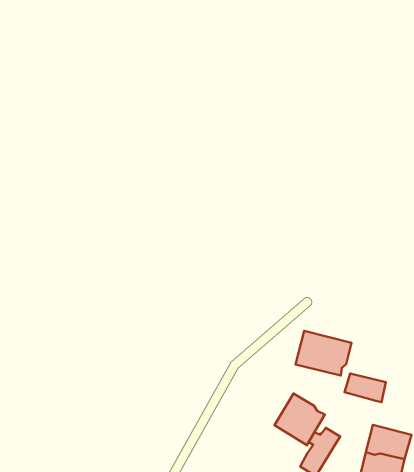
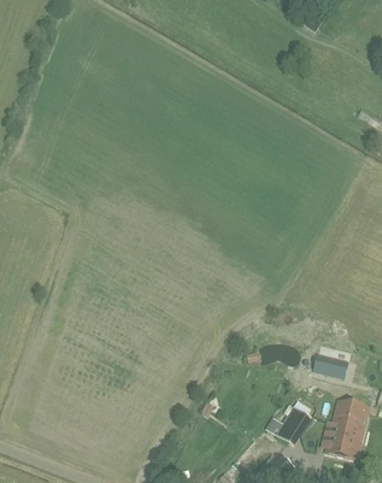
building: [295,331,351,376] -> none
building: [274,393,325,445] -> none

